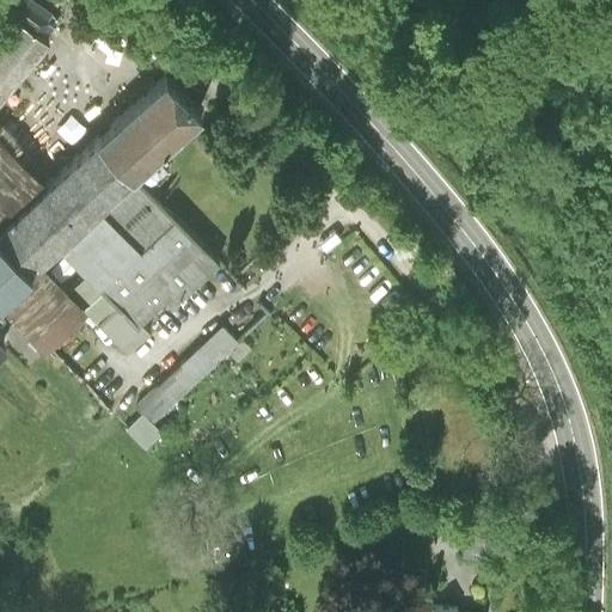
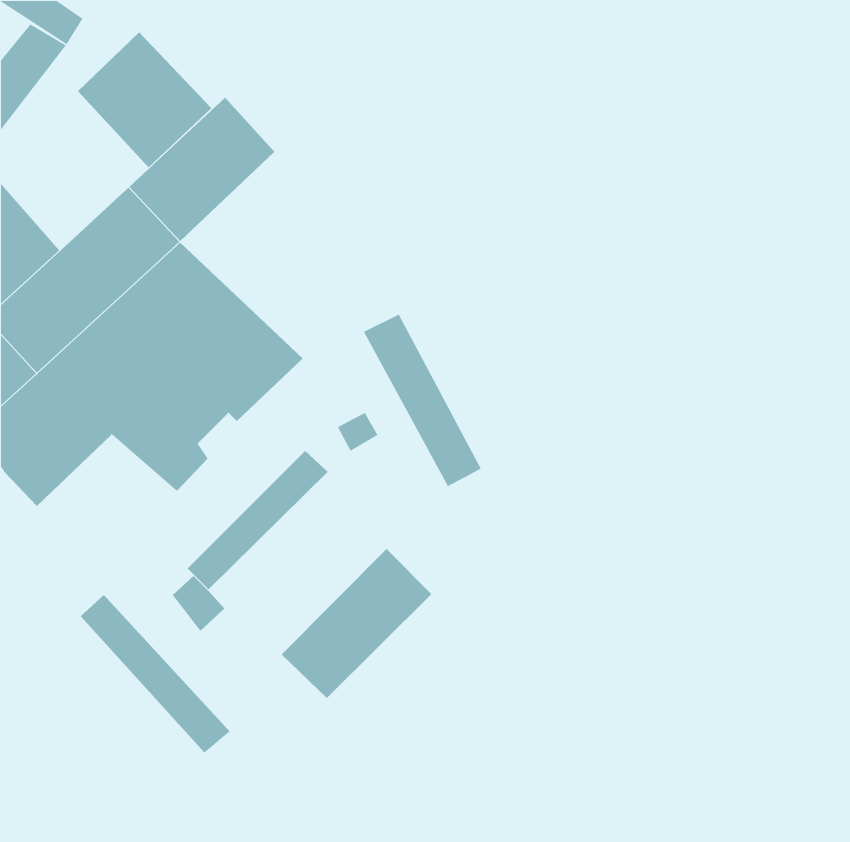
building: none -> [77,31,212,168]
building: none -> [363,314,482,487]
building: none -> [281,548,432,699]
building: none -> [80,594,230,753]

